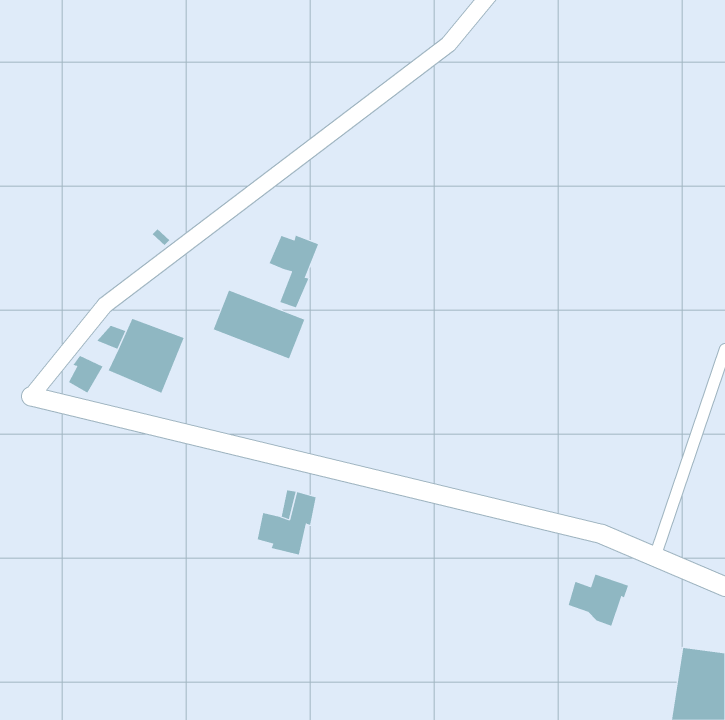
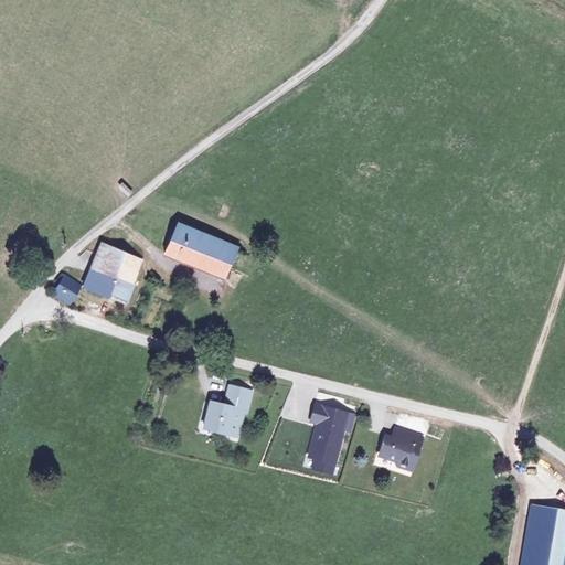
building: [269,235,319,308] -> none
building: none -> [310,402,356,470]
building: [568,574,629,627] -> [380,427,427,468]

